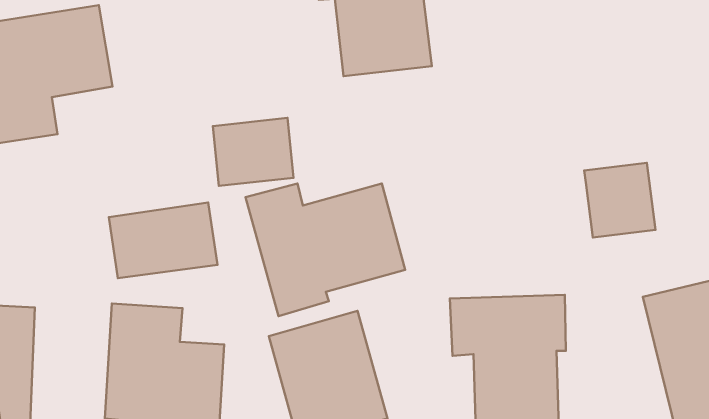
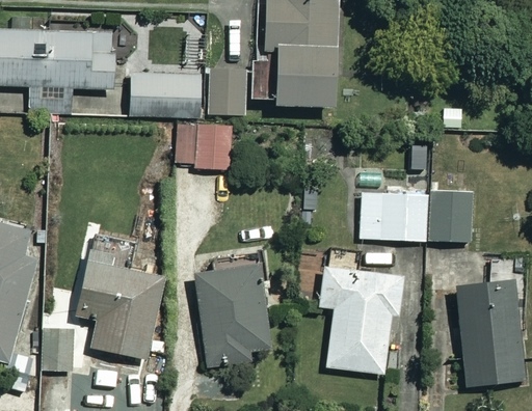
building: none -> [210,67,246,115]
building: none -> [361,192,428,240]
building: [246,183,405,316] -> none
building: [109,202,218,278] -> [131,73,201,116]

